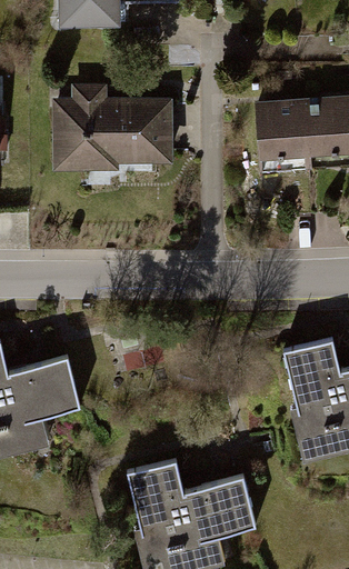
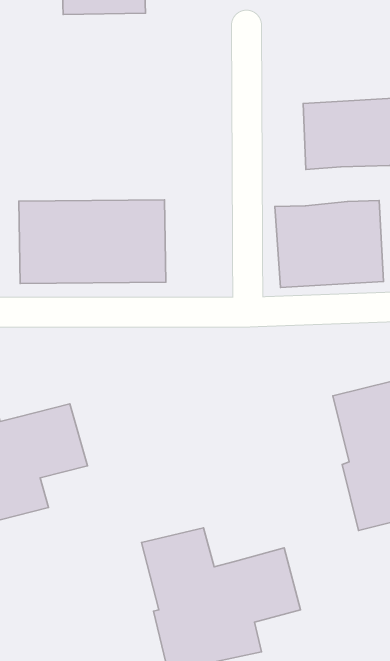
building: [54,100,176,169] -> [19,200,166,283]
building: none -> [275,201,383,287]

